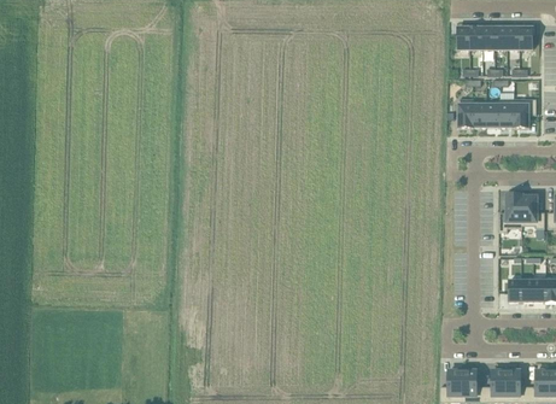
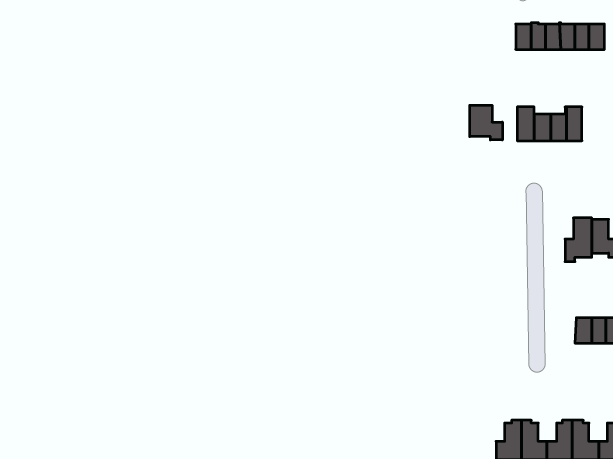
building: none -> [470,105,502,140]
building: [514,98,535,127] -> none

